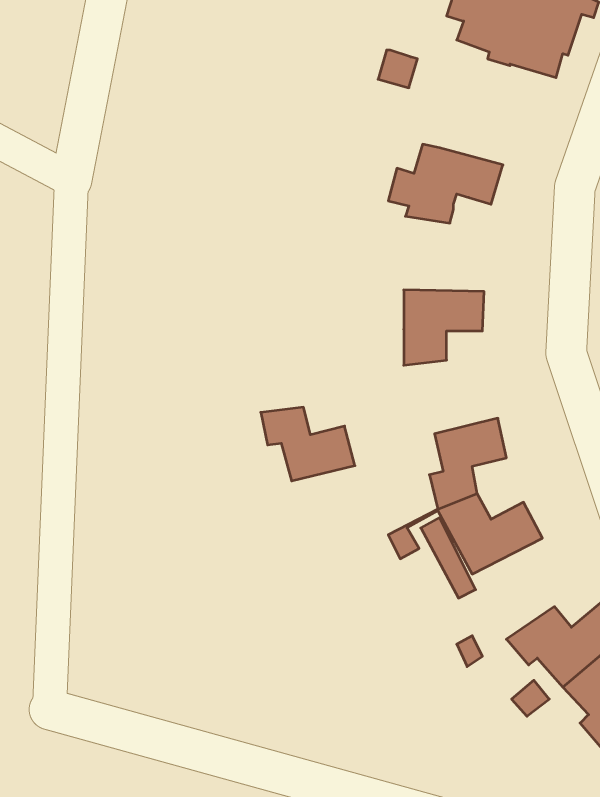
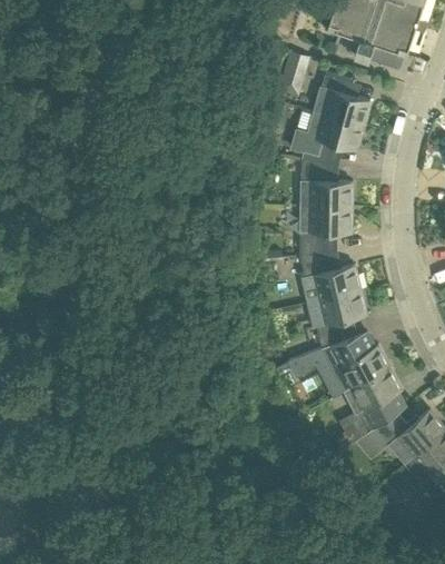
building: none -> [320,75,370,125]
building: none -> [299,158,352,207]
building: [261,407,355,481] -> [299,251,360,299]
building: none -> [344,367,407,433]

